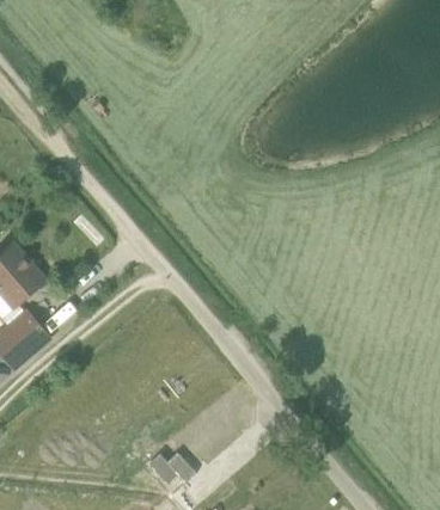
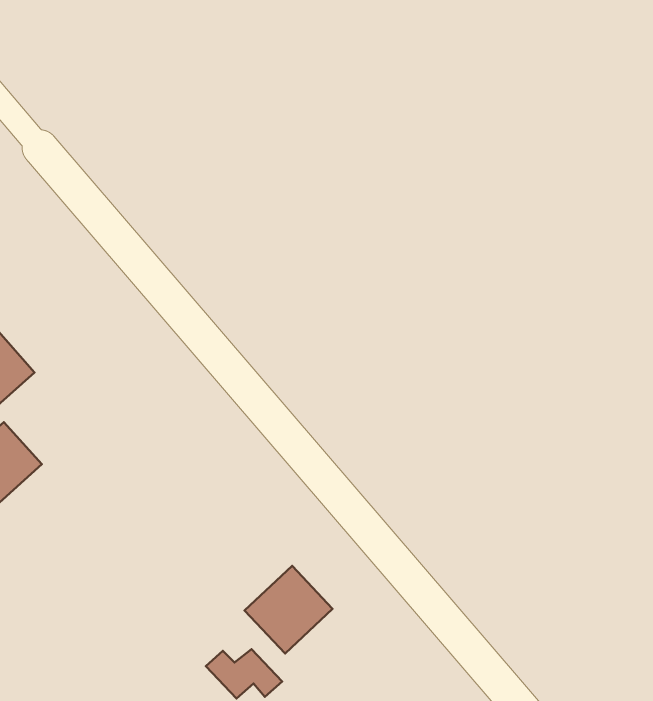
building: none -> [245,566,333,654]

